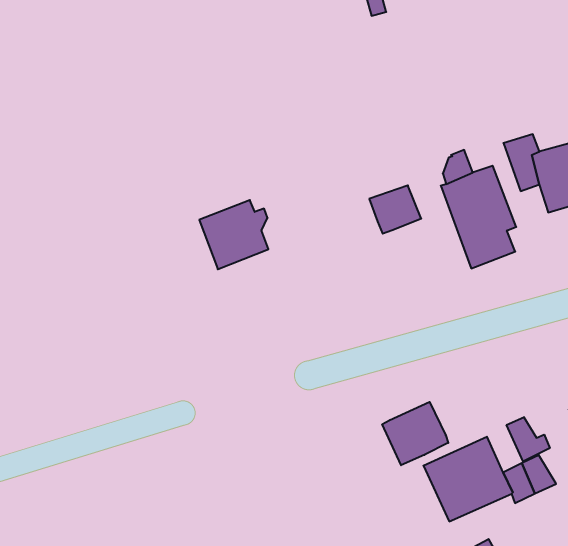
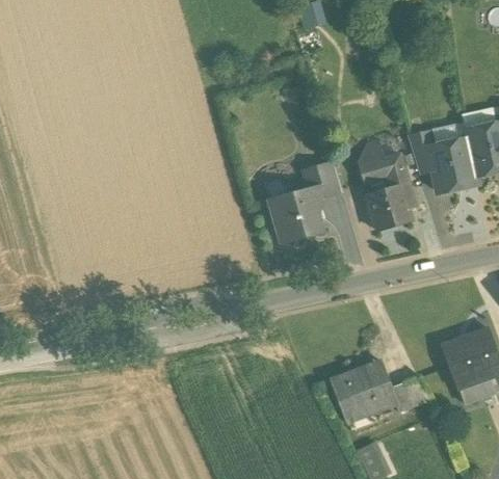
building: [199,200,268,269] -> [269,190,321,241]
building: [382,402,448,465] -> none
building: [507,417,550,462] -> none

